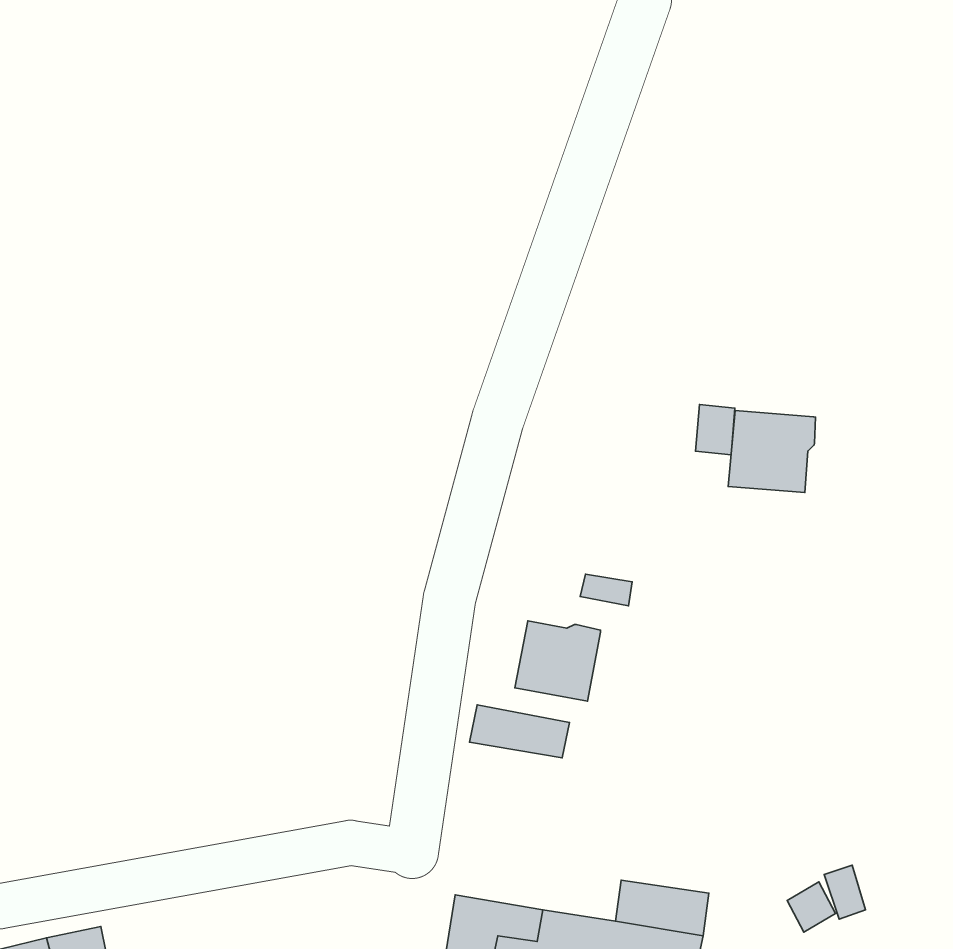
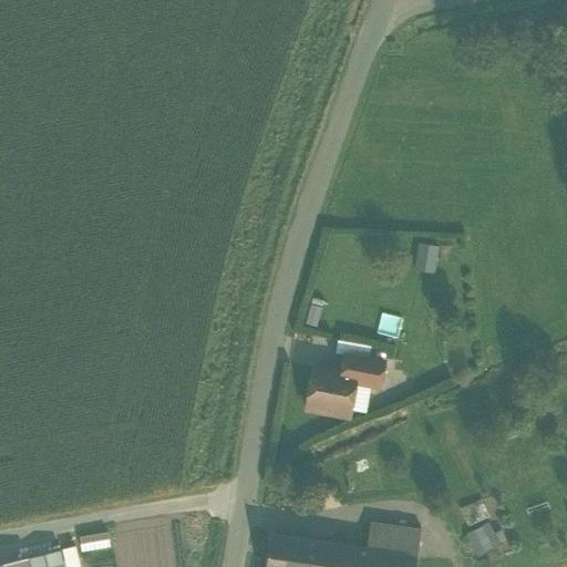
building: [728,411,816,492] -> none
building: none -> [342,357,384,382]
building: [469,705,569,758] -> none

